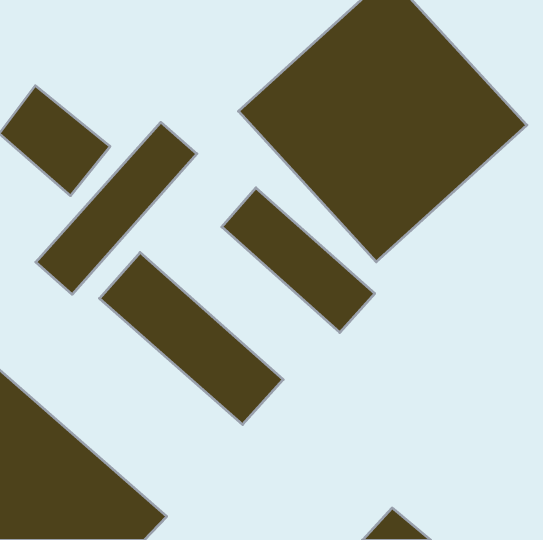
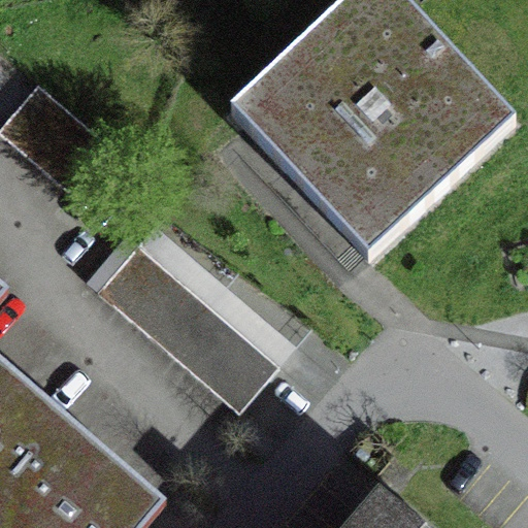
building: [36,122,197,294] -> none
building: [222,188,375,333] -> none

